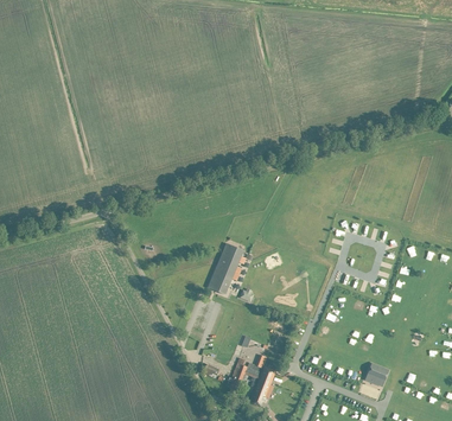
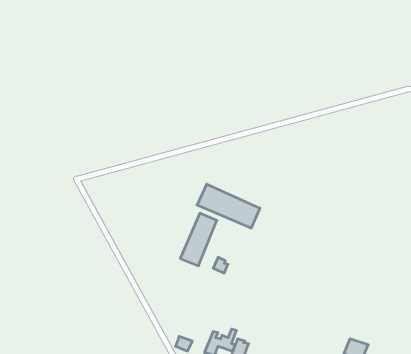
building: none -> [197,184,260,228]

